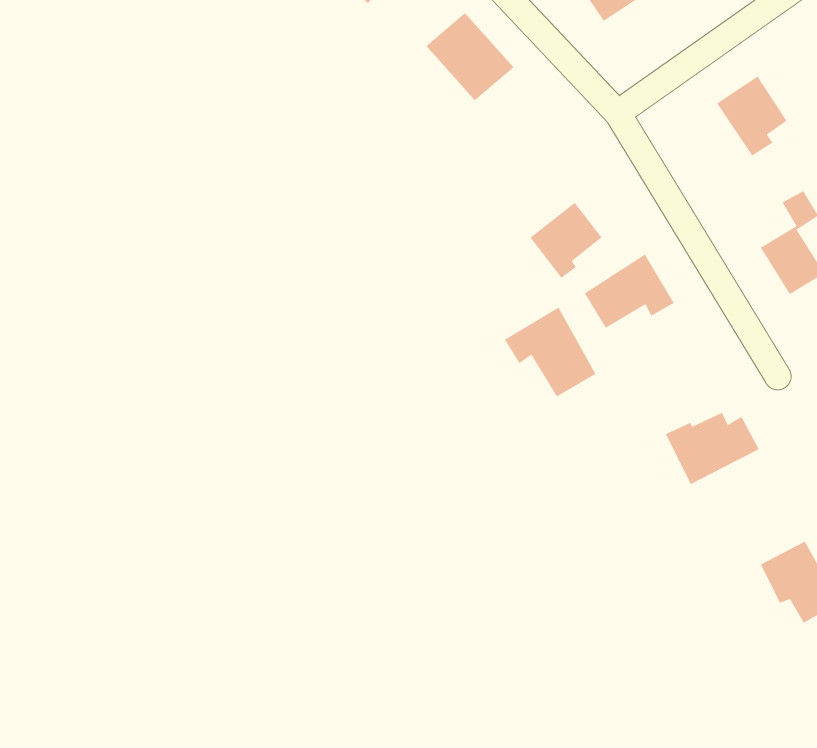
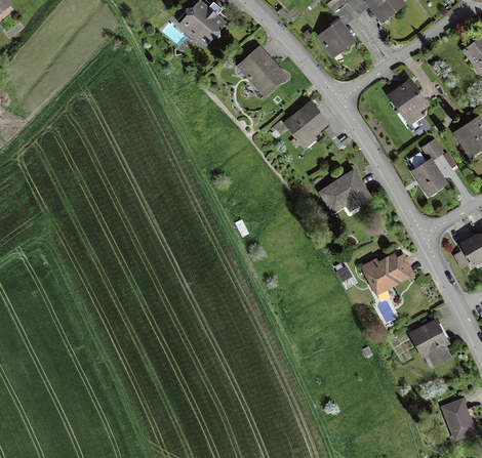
building: [529,202,603,279] -> [288,105,326,144]
building: [504,306,596,398] -> none

